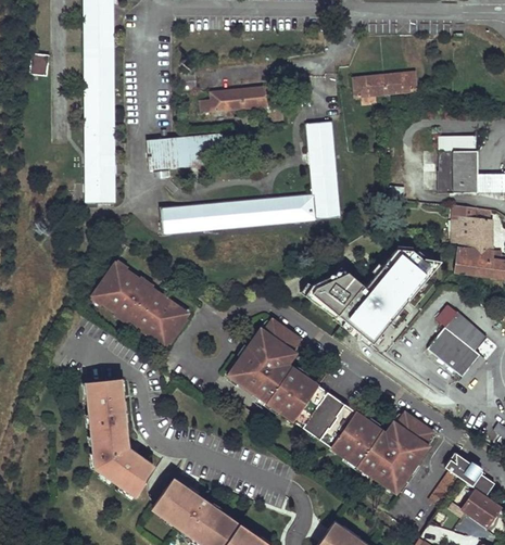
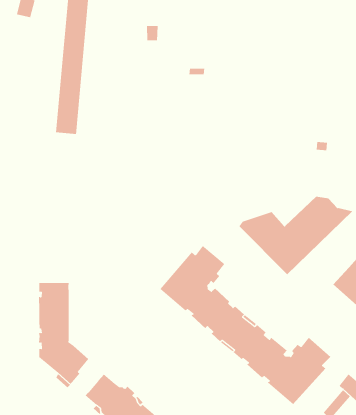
building: [353,73,416,97] -> none
building: [200,87,275,113] -> none
building: [162,122,340,236] -> none
building: [146,135,223,172] -> none
building: [91,262,188,346] -> none

